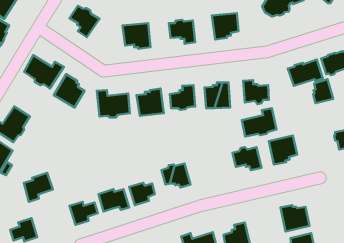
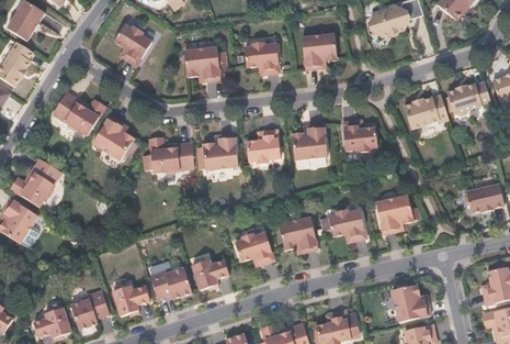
building: [313,79,333,103] -> none
building: [242,108,276,136] -> none
building: none -> [279,219,317,254]
building: [24,173,53,202] -> [71,290,110,329]

